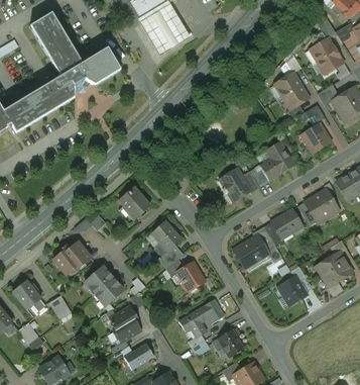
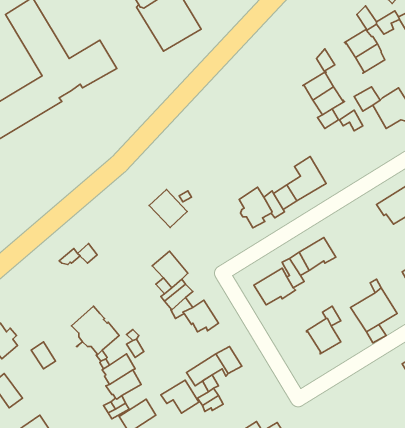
building: [304,123,330,153] -> none
building: [116,186,147,217] -> [149,189,187,227]
building: [296,189,339,225] -> none
building: [52,242,90,275] -> none
building: [212,329,243,357] -> [161,380,199,413]

